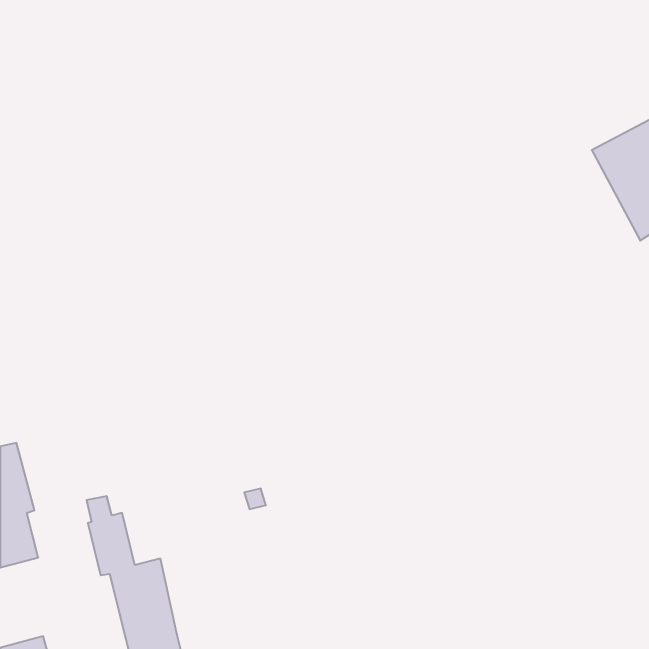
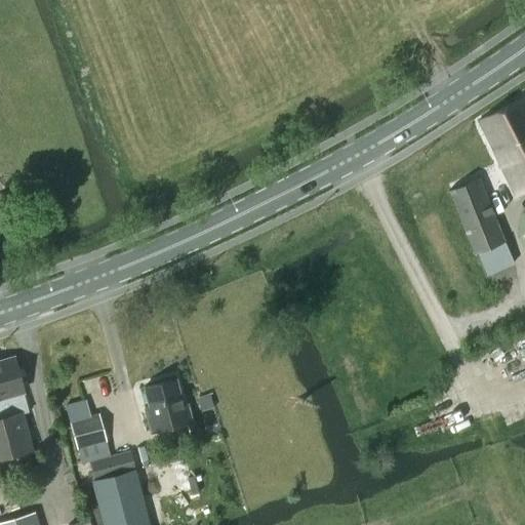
building: none -> [448,179,513,273]
building: none -> [145,379,193,434]

